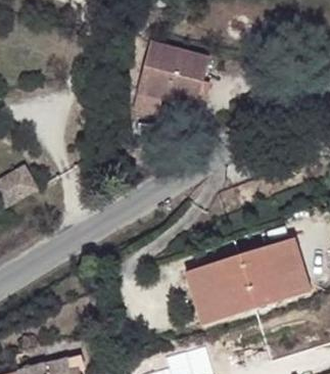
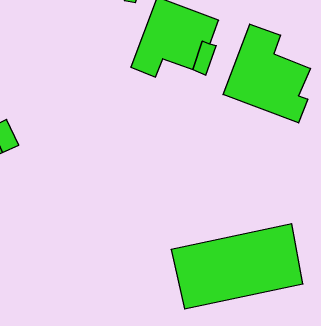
building: none -> [223,24,310,123]

